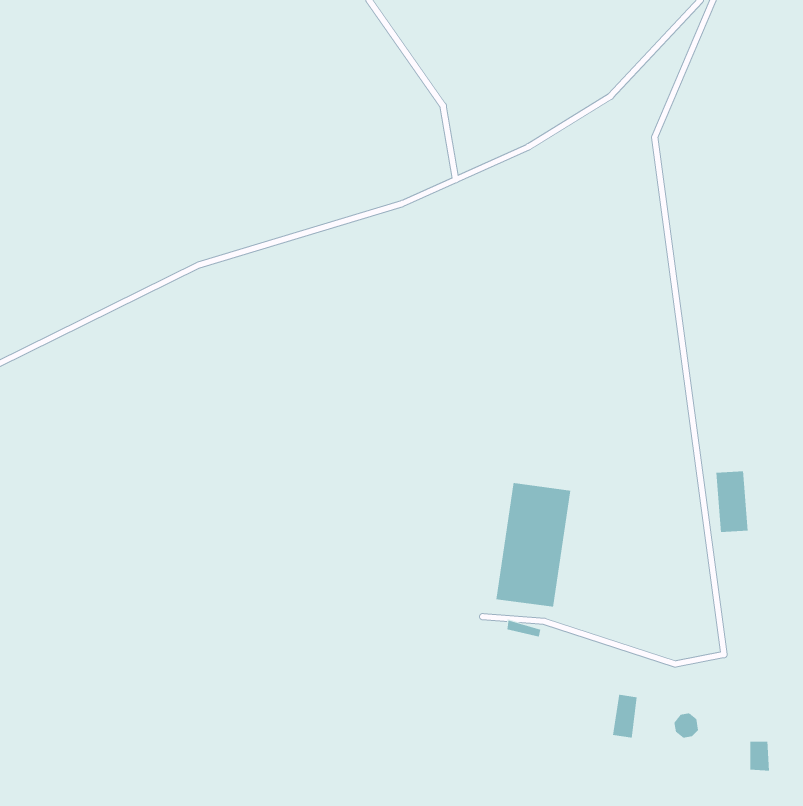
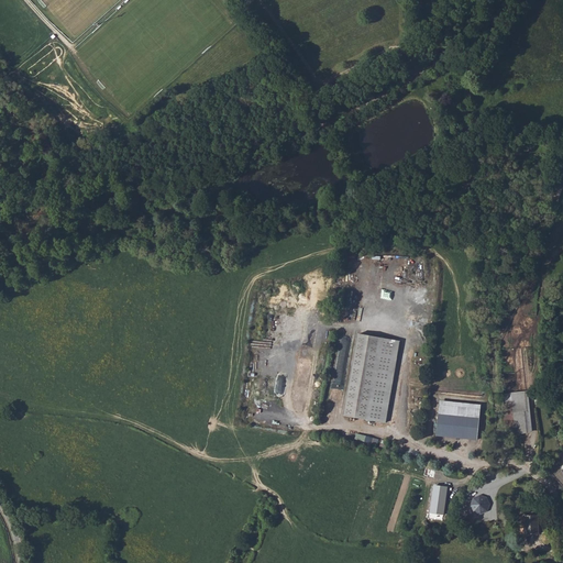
building: [715,471,749,532] -> [508,390,531,433]
building: none -> [435,400,479,440]

